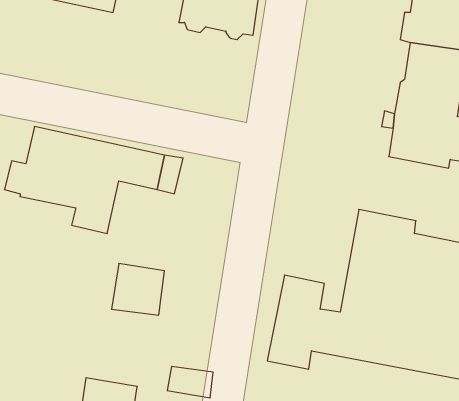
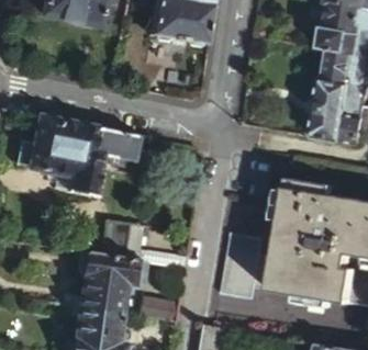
building: none -> [76,250,134,313]

